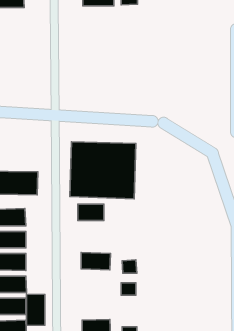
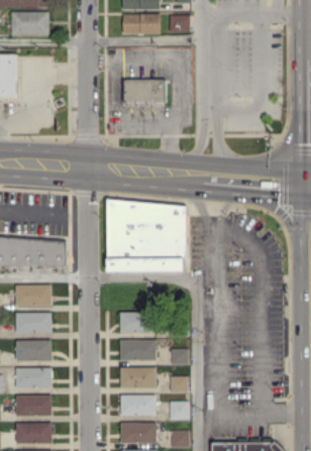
building: none -> [124,80,166,103]
building: [78,204,104,221] -> [120,313,152,333]
building: none -> [120,367,156,387]
building: [26,294,45,325] -> none
building: none -> [120,394,156,416]
building: none -> [169,401,189,420]

